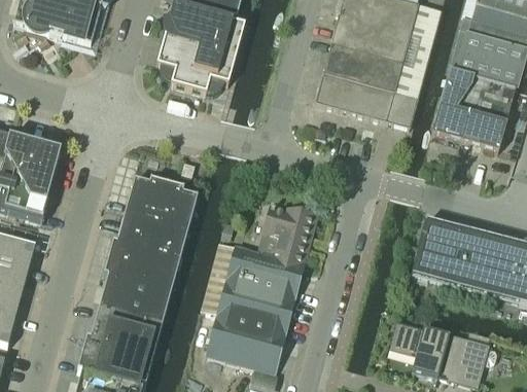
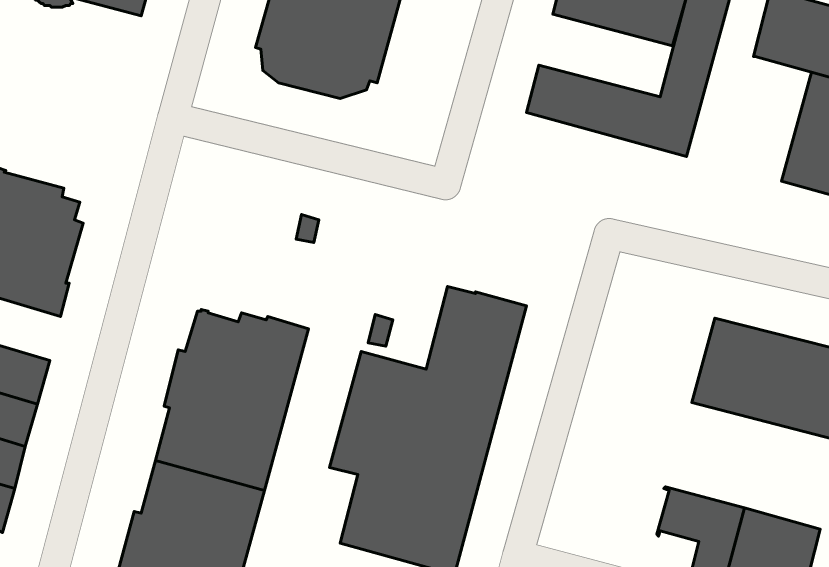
building: [323,42,401,91] -> none
building: [432,67,483,140] -> none
building: [124,176,198,226] -> none

